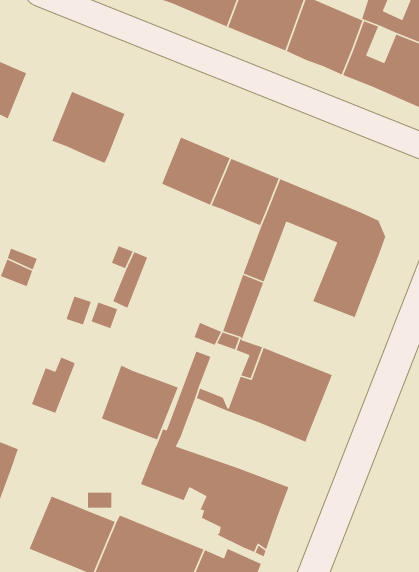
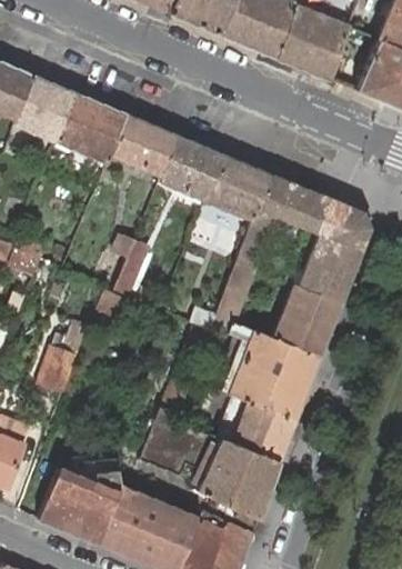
building: none -> [17,76,77,139]
building: none -> [111,113,178,173]
building: none -> [274,286,340,356]
building: [101,365,179,441] -> none
building: none -> [232,400,294,460]

